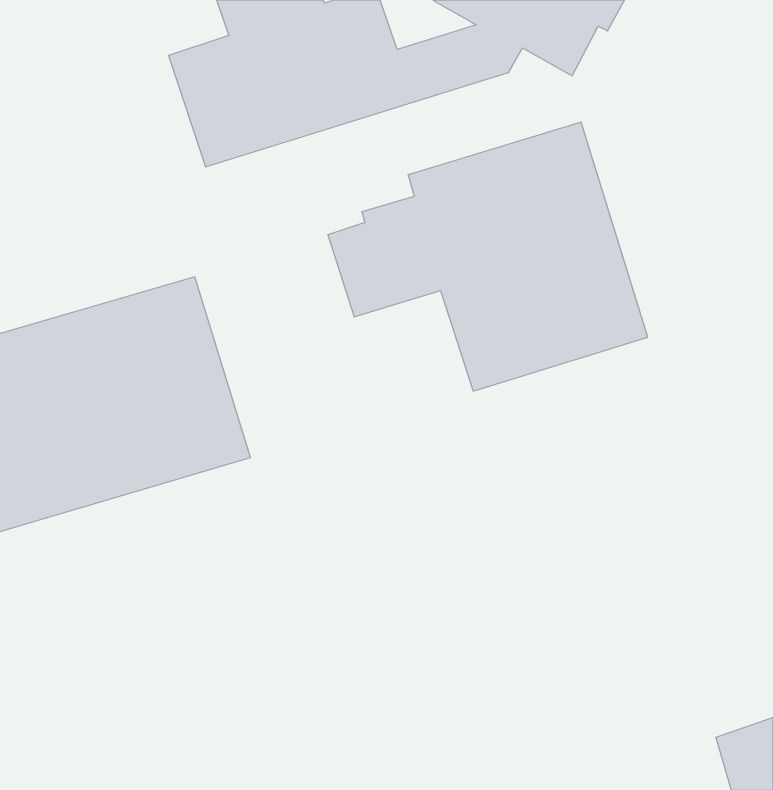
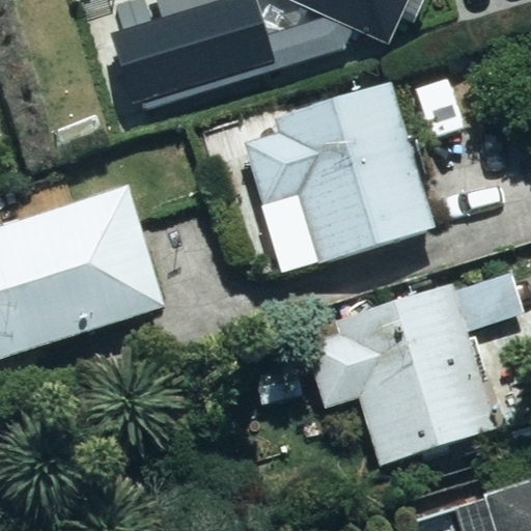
building: none -> [308,279,497,466]

